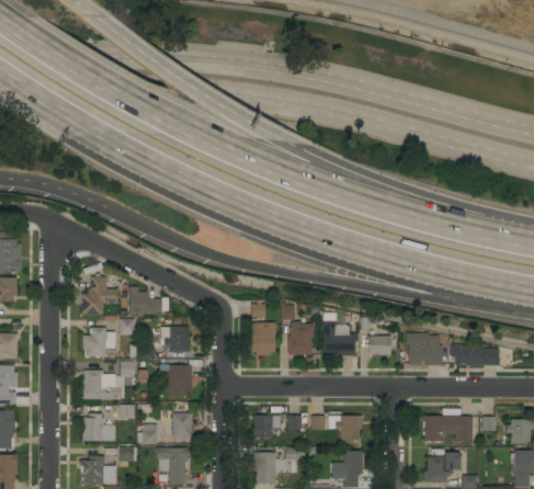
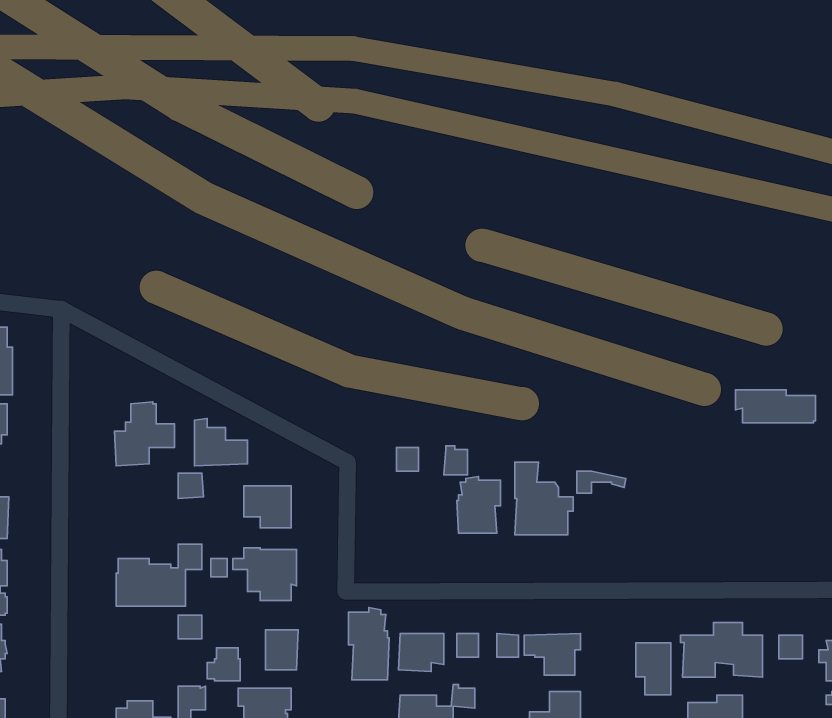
building: [250,322,275,356] -> none
building: [82,328,115,357] -> none
building: [406,333,442,365] -> none
building: [366,336,390,355] -> none
building: [451,345,499,365] -> [735,390,815,423]
building: none -> [348,607,389,680]
building: [82,413,115,441] -> none
building: none -> [636,643,671,695]

